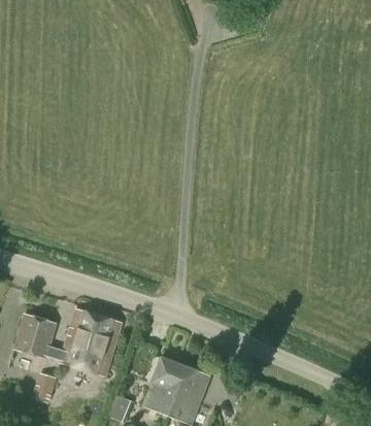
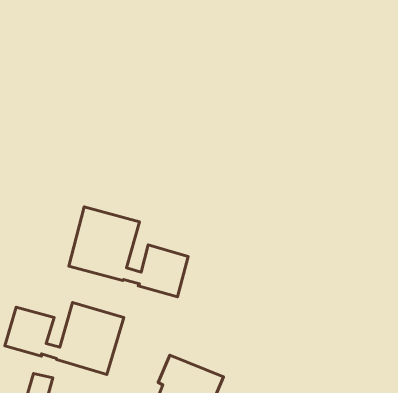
building: none -> [69,207,188,297]

